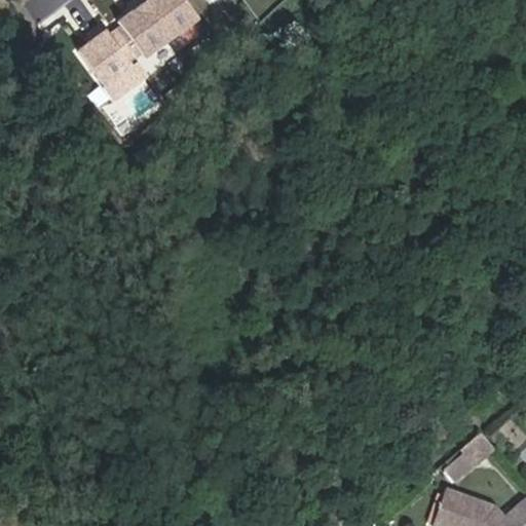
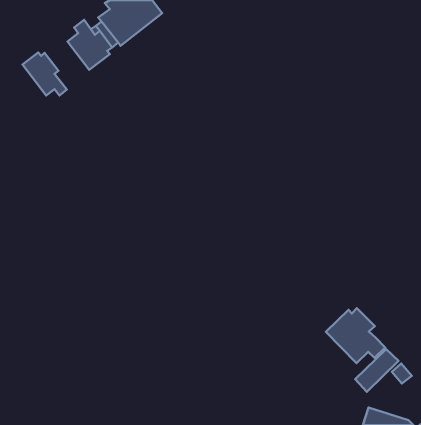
building: none -> [23,52,67,96]
building: none -> [326,308,385,363]

